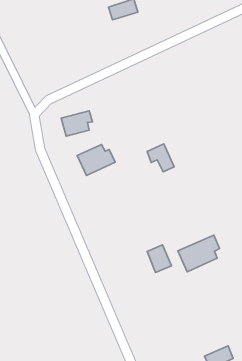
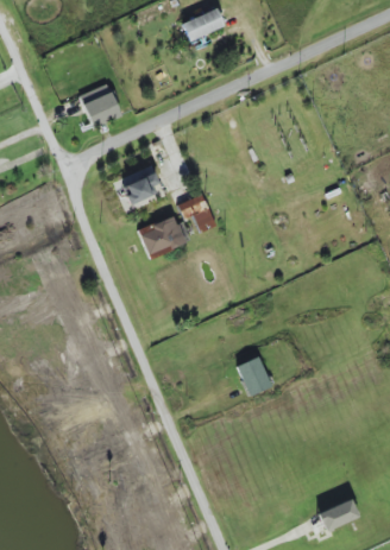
building: none -> [80,83,122,128]
building: [147,144,174,172] -> [178,194,216,233]
building: [178,235,219,272] -> none

